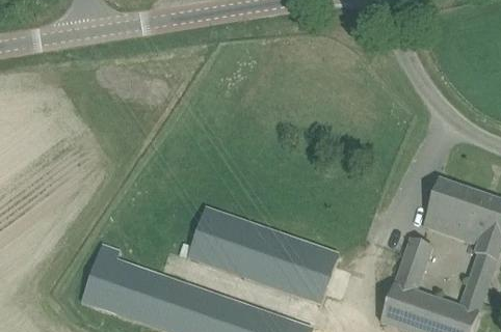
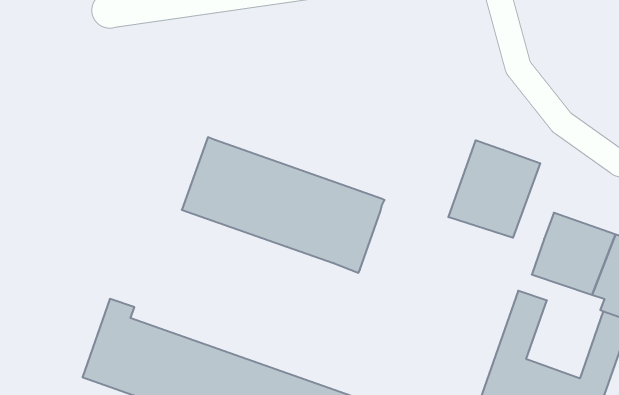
building: none -> [448,140,540,238]
building: [185,203,339,306] -> [182,137,385,273]

